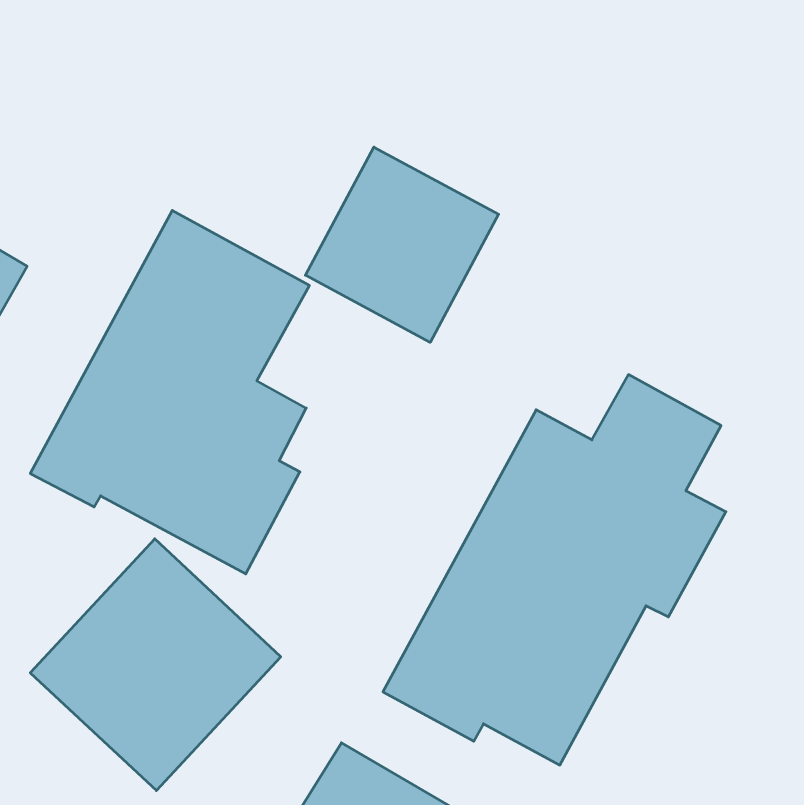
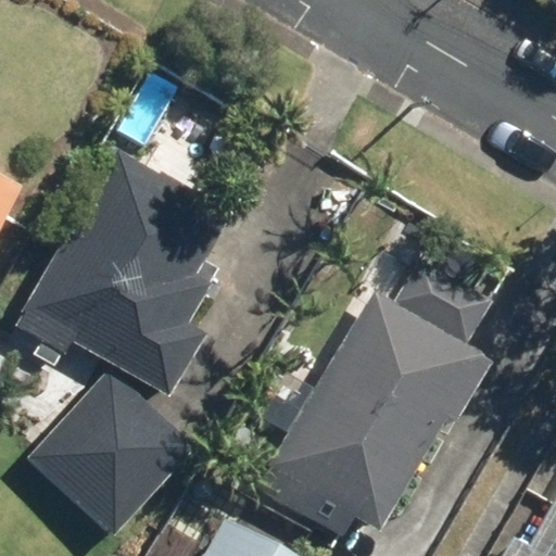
building: [305,147,499,342] -> none

